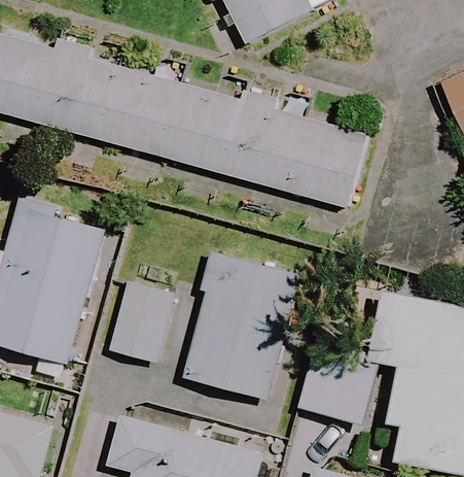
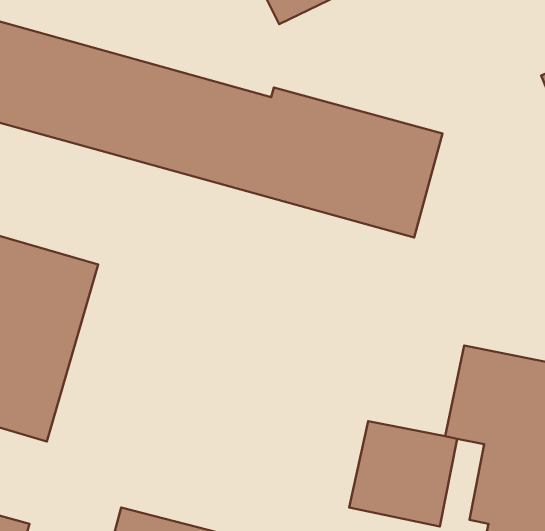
building: [184,252,297,399] -> none
building: [112,281,173,362] -> none

